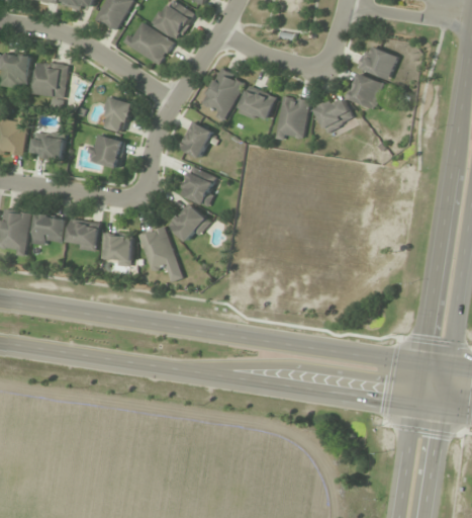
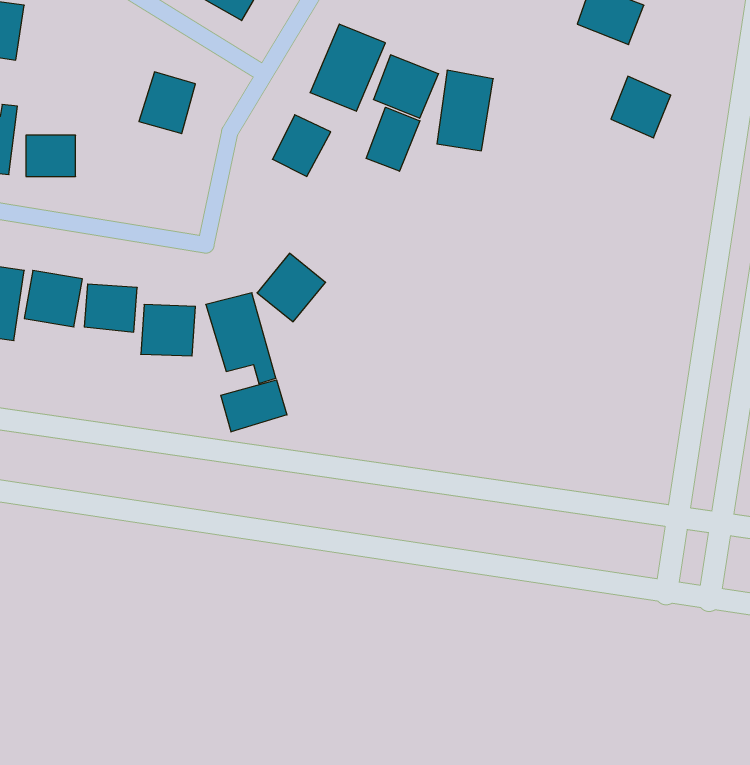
building: [33,62,68,104] -> none
building: [348,73,383,109] -> [611,76,671,138]
building: [314,96,352,133] -> none
building: none -> [366,107,420,171]
building: [86,133,124,169] -> none
building: [179,167,218,205] -> none
building: none -> [221,380,287,432]

